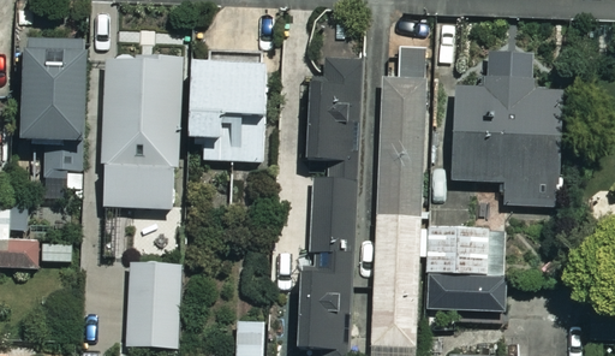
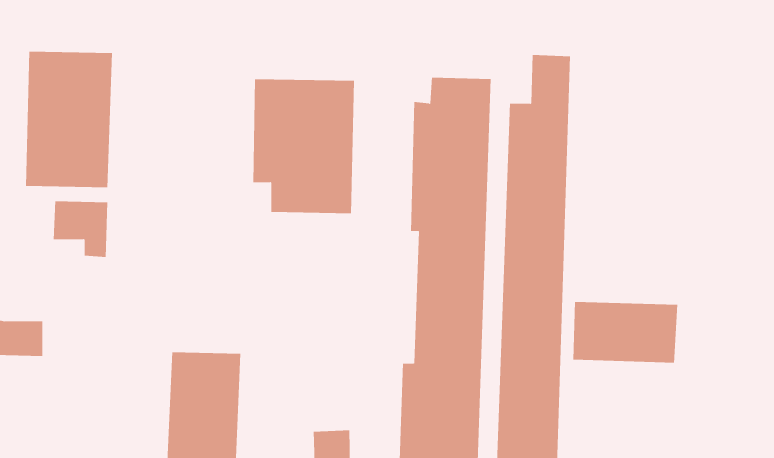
building: [103,58,179,226] -> none
building: [452,81,561,204] -> none
building: [426,273,507,316] -> none

